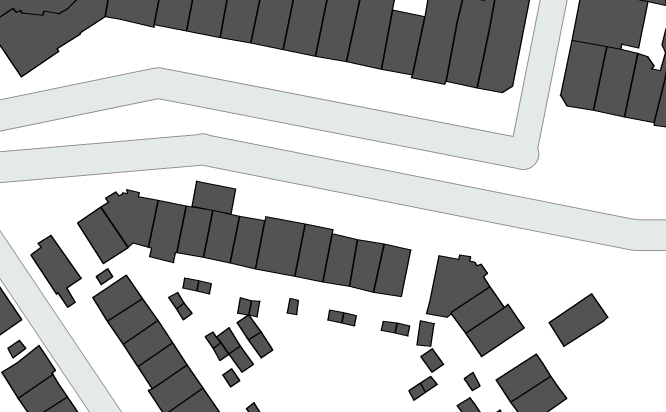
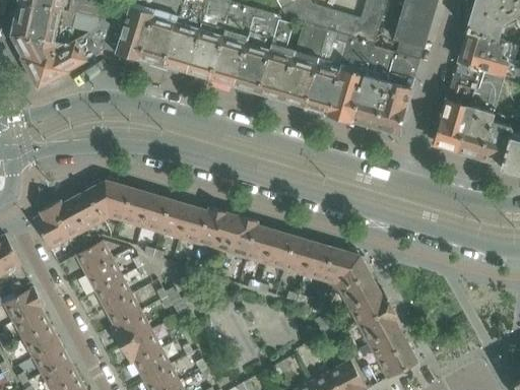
building: [192,181,235,214] -> none
building: none -> [50,199,86,240]
building: none -> [304,242,334,281]
building: [549,294,608,346] -> [359,307,402,343]

